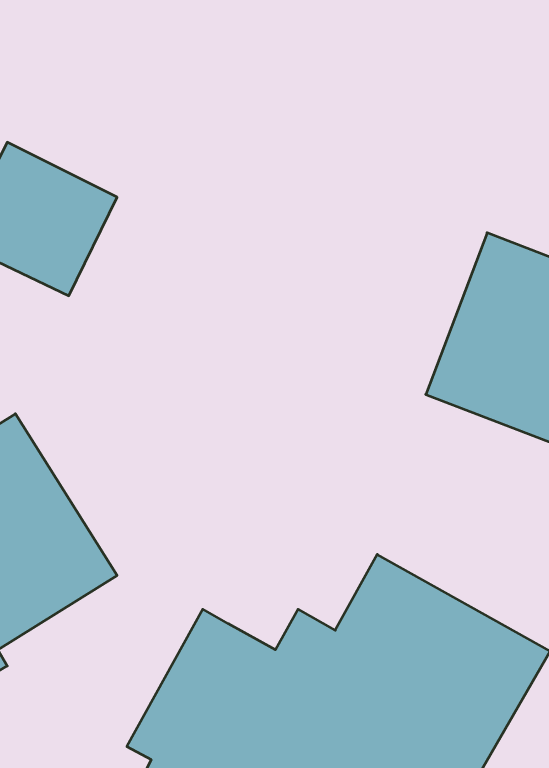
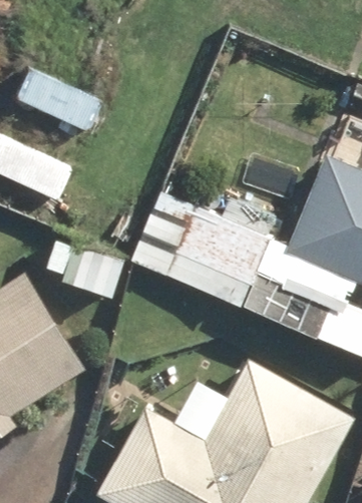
building: none -> [132,186,330,341]

